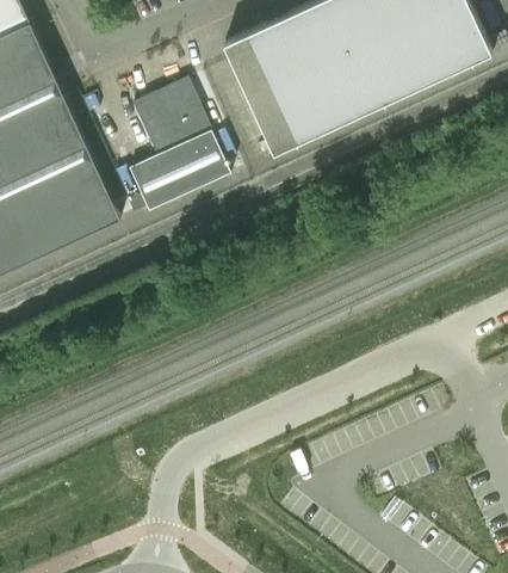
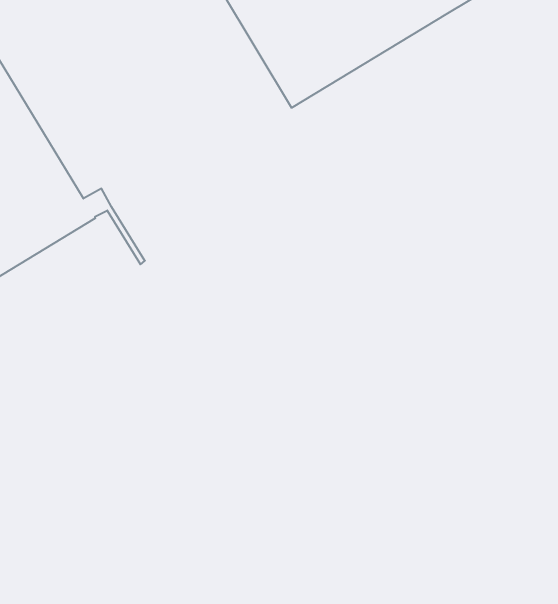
building: [126,79,231,212] -> none

